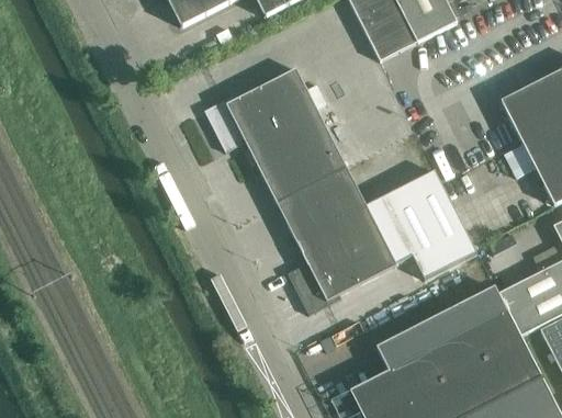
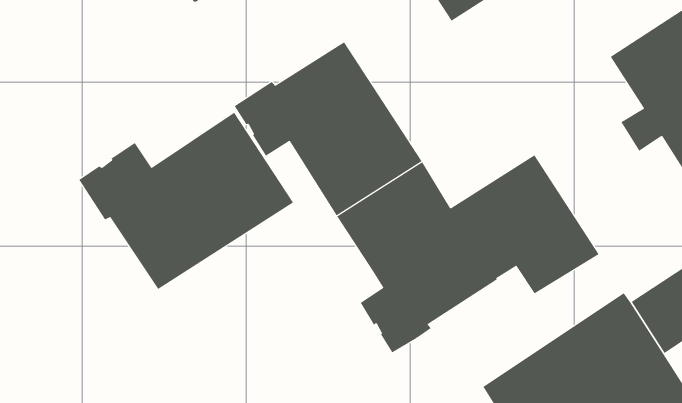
building: none -> [79,112,294,290]

